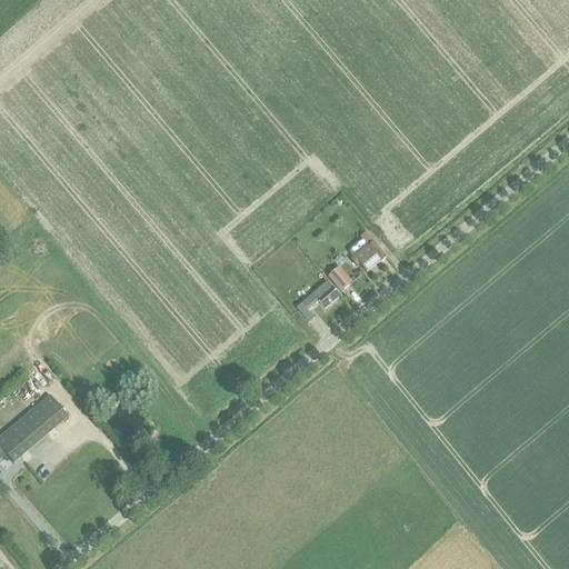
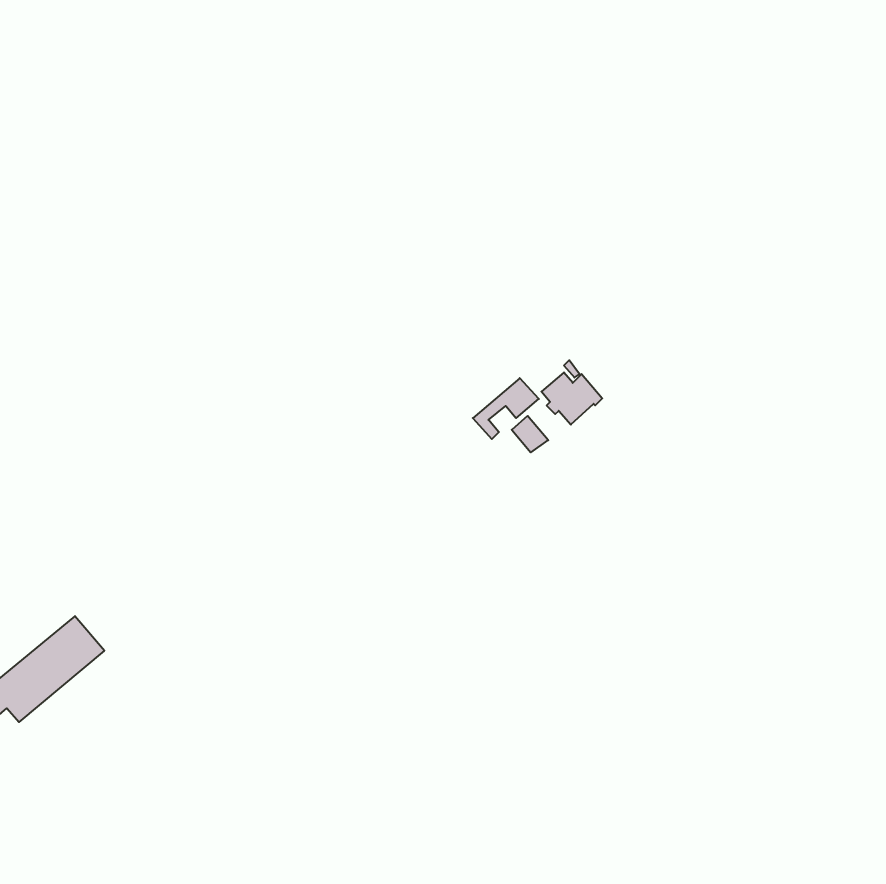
building: [296,281,338,320] -> [473,378,539,439]

